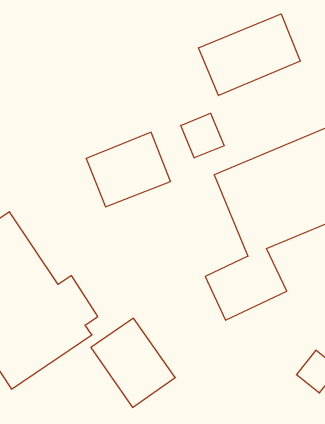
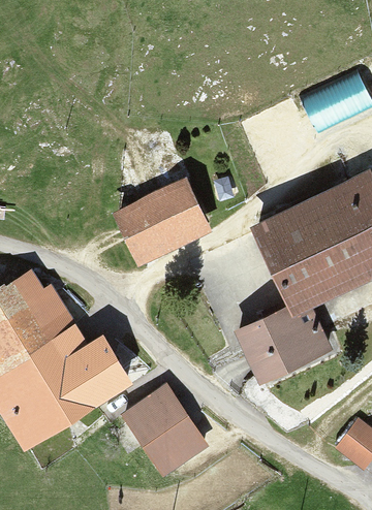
building: [199,14,300,96] -> none
building: [181,113,224,158] -> none

